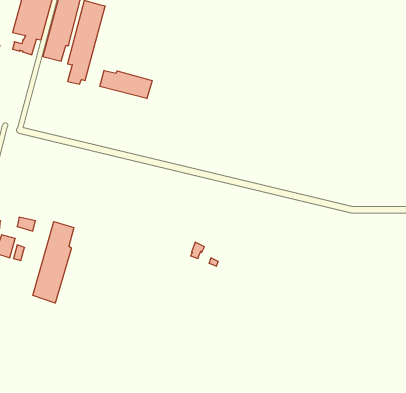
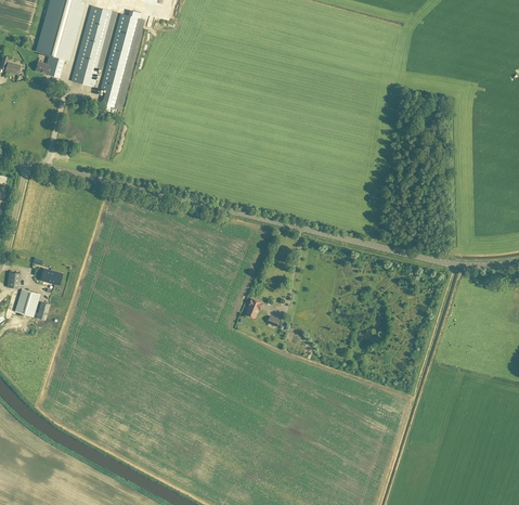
building: [100,70,152,99] -> none
building: [33,222,74,303] -> none

